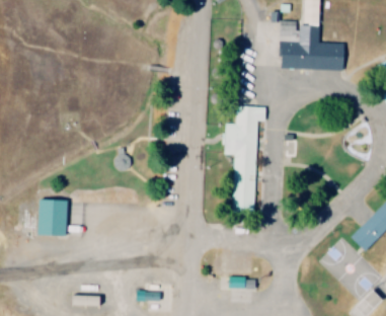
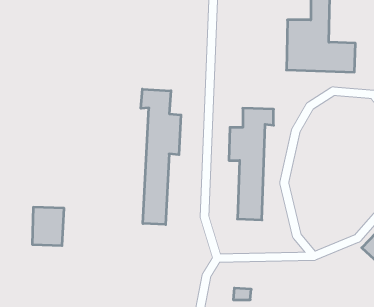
building: none -> [141,89,181,225]

